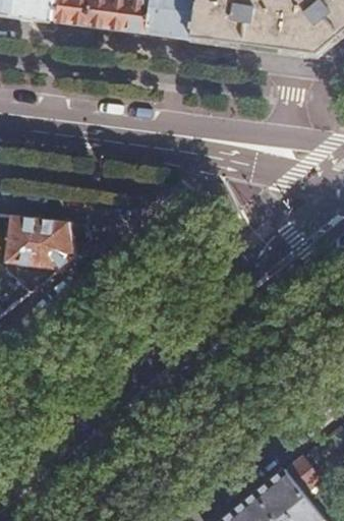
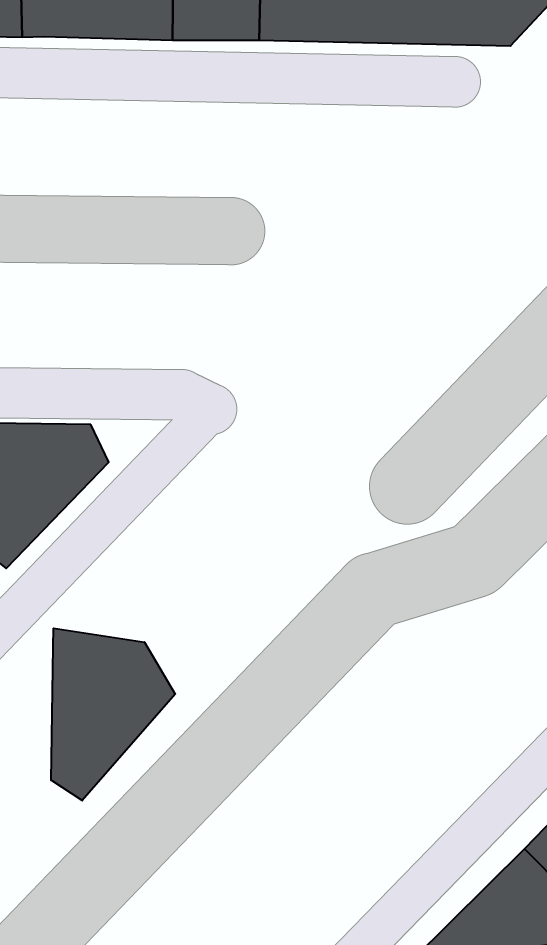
building: none -> [51,628,175,801]

